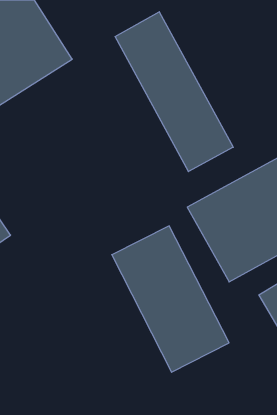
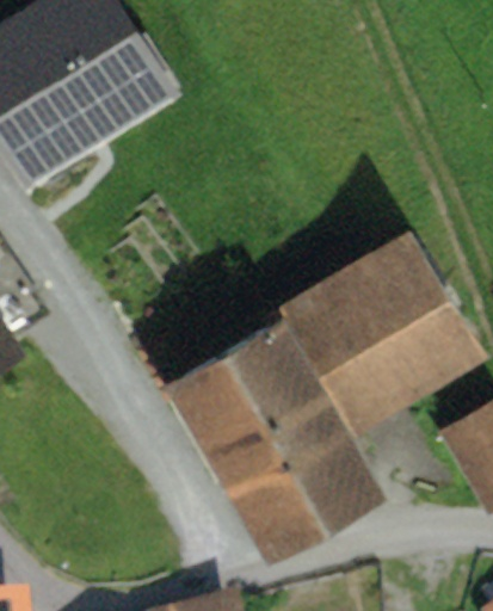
building: [115,12,233,172] -> none

